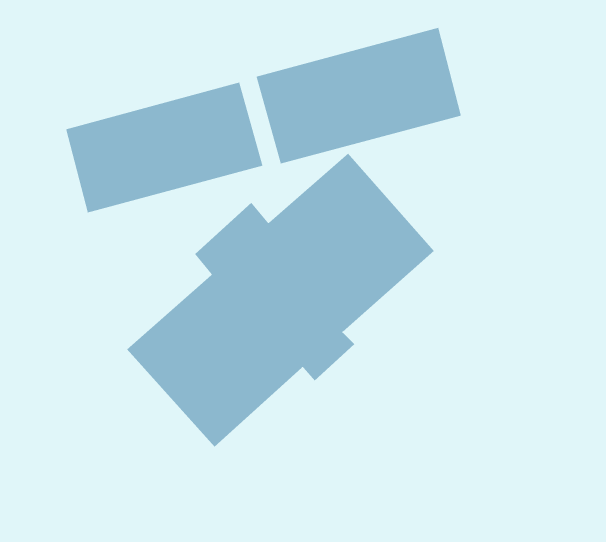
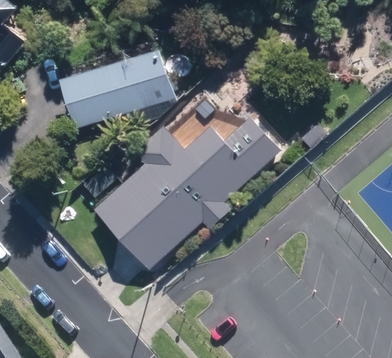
building: [256,27,462,165] -> none

